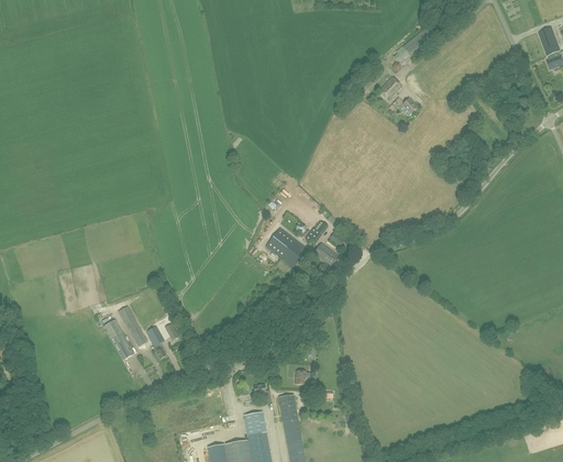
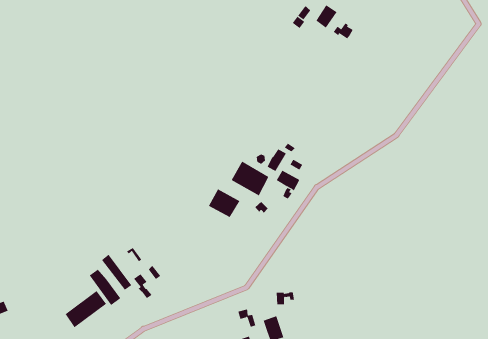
building: none -> [208,188,240,218]
building: none -> [65,290,107,328]

